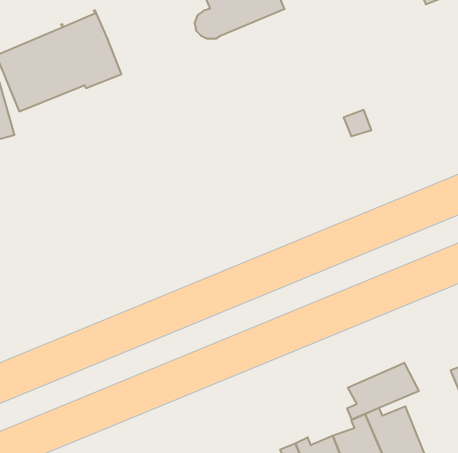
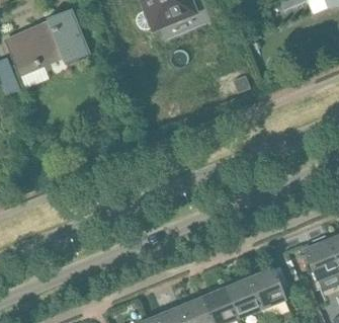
building: [347,363,419,420] -> none

